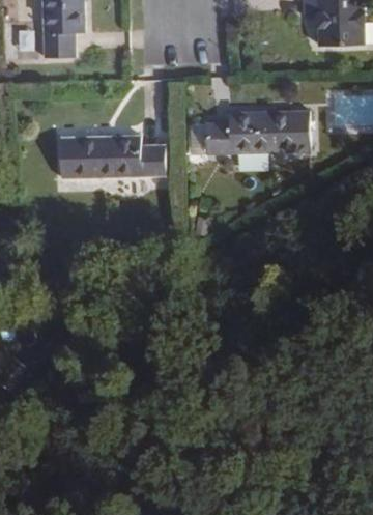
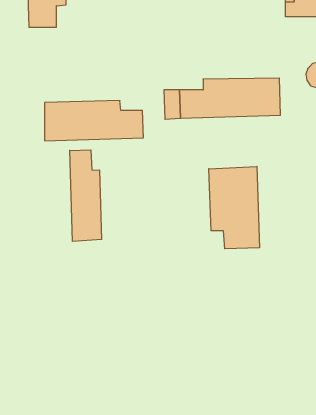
building: none -> [70,150,102,241]
building: none -> [209,166,259,249]

